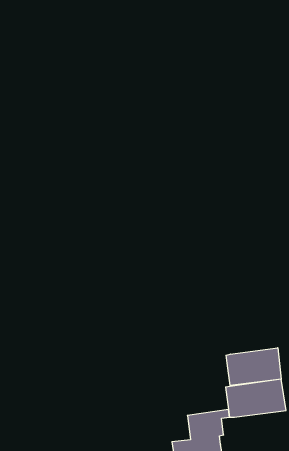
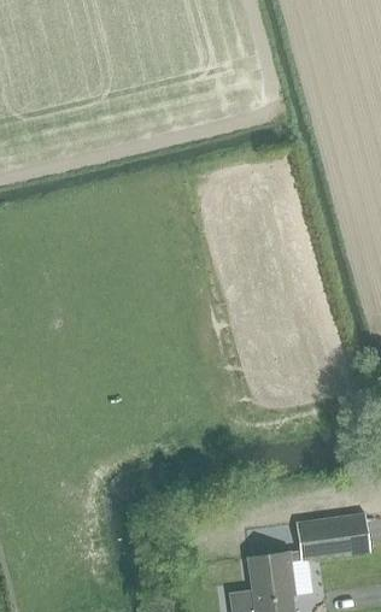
building: [226,348,281,386] -> none

